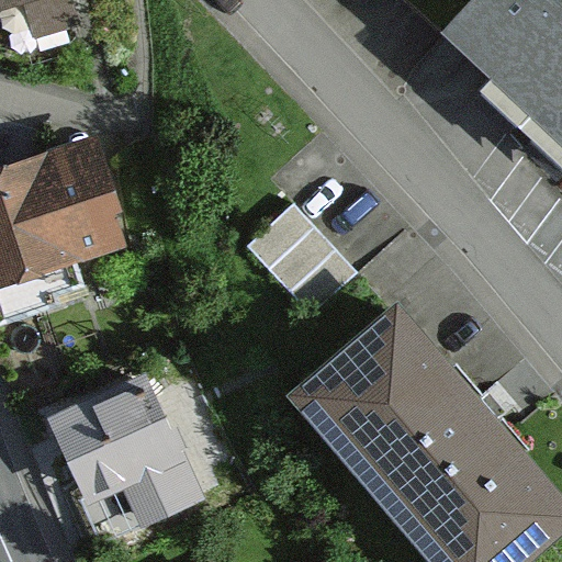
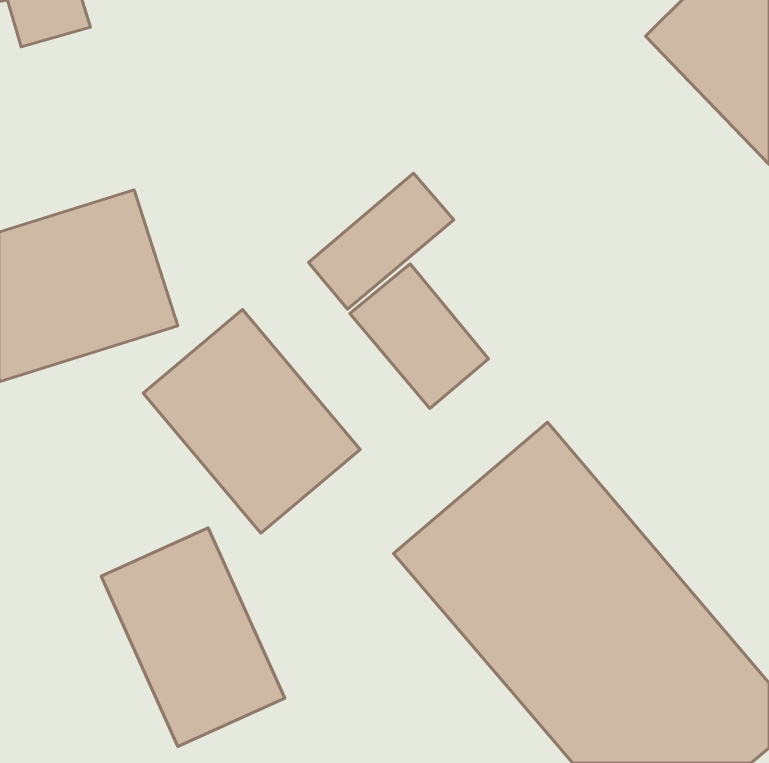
building: none -> [309,173,454,309]
building: none -> [143,310,360,533]

